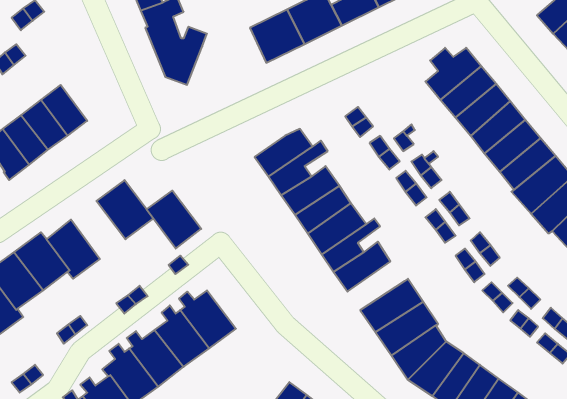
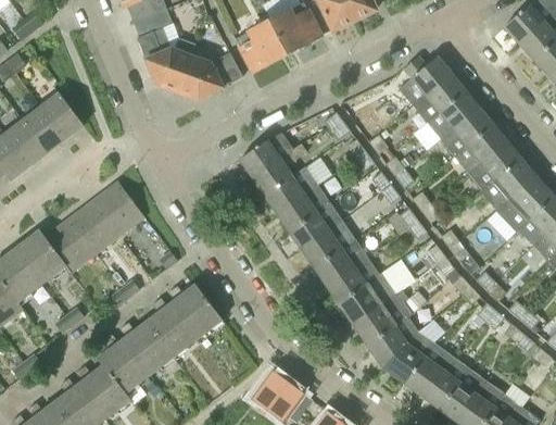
building: none -> [177,42,242,101]
building: [147,191,201,249] -> [68,201,119,255]
building: none -> [327,258,380,303]

